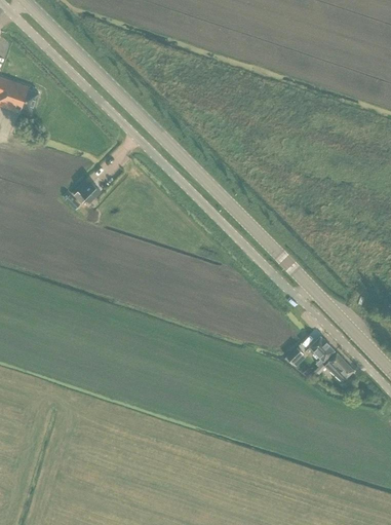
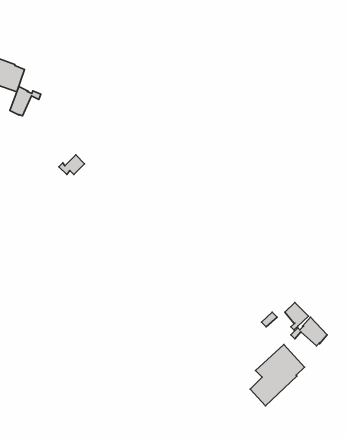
building: none -> [10,87,41,116]
building: none -> [250,344,304,406]

